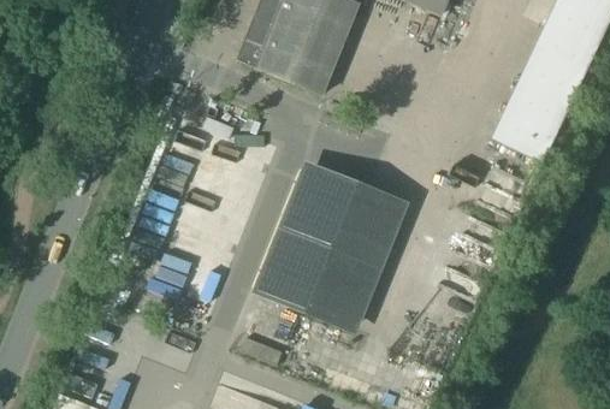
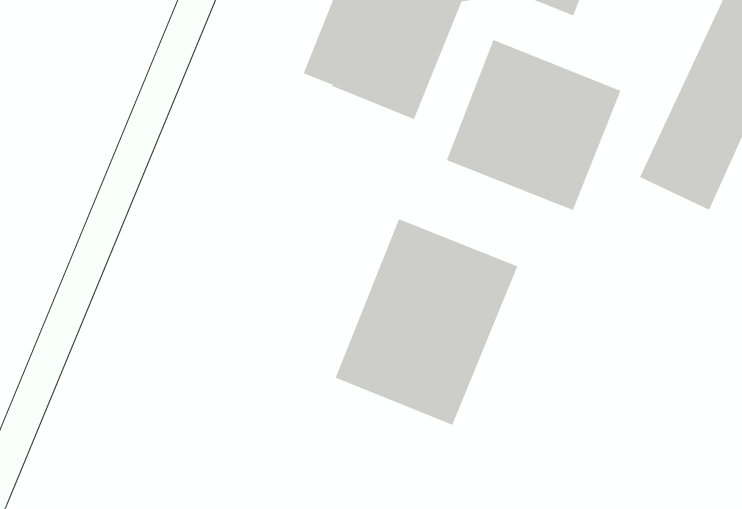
building: none -> [446,39,621,211]

